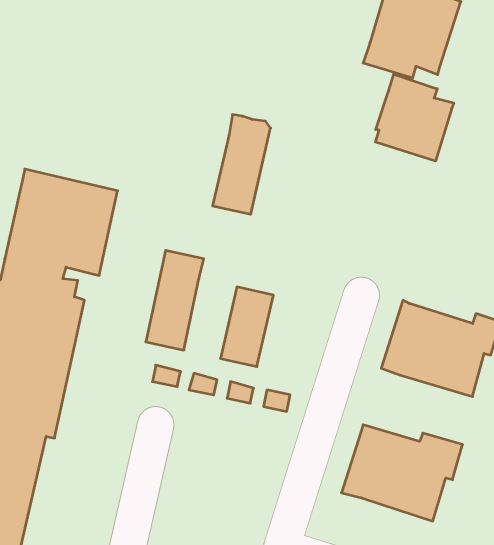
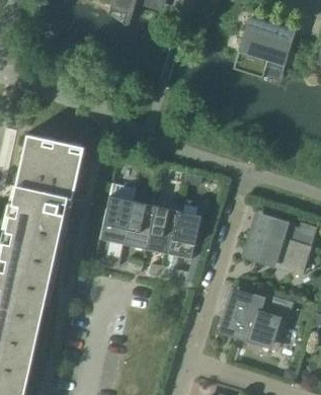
building: [375,74,454,161] -> none
building: [213,115,271,214] -> [169,199,205,259]
building: none -> [125,201,157,249]

